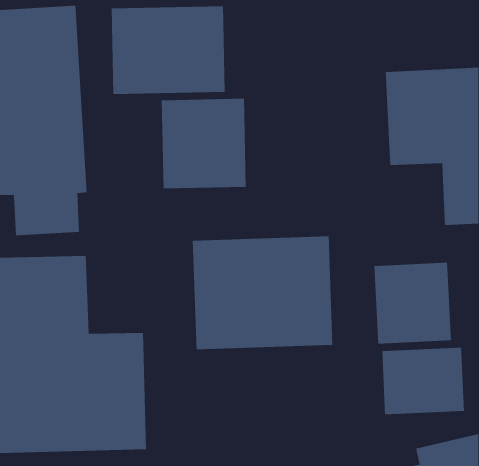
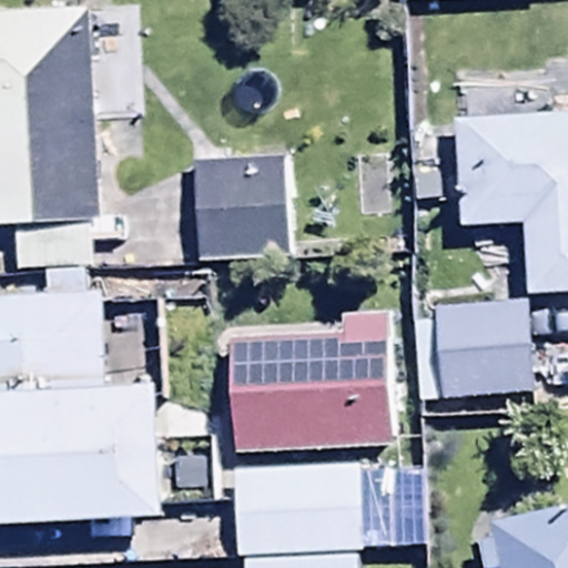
building: [111,5,226,95] -> none
building: [381,347,465,415] -> none
building: none -> [230,445,368,536]

